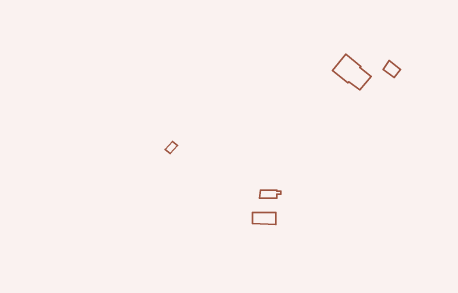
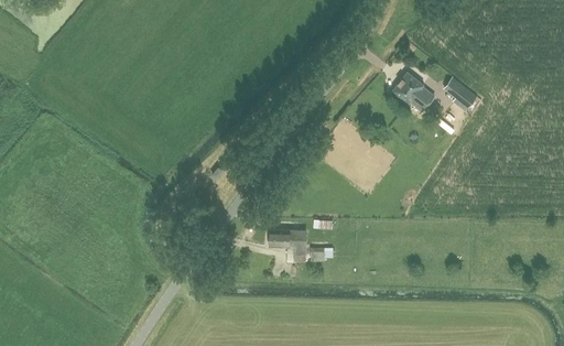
building: none -> [268,231,299,251]

